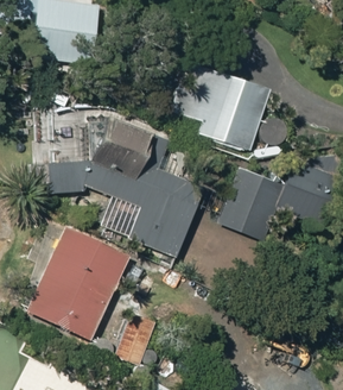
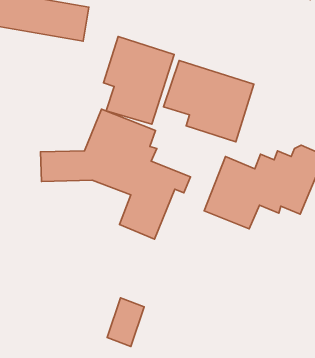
building: none -> [103,36,174,124]
building: [28,227,129,338] -> none

